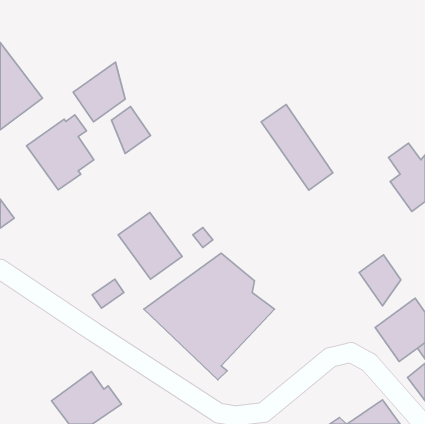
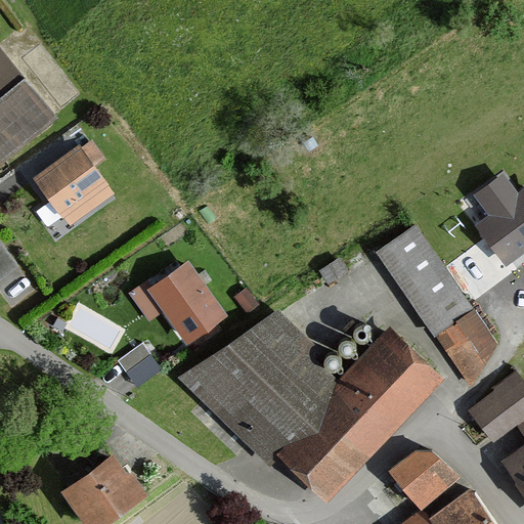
building: [73,62,125,122] -> none
building: [261,104,333,190] -> [384,229,472,335]
building: [111,107,150,154] -> none
building: none -> [272,328,443,503]
building: none -> [388,451,460,513]

